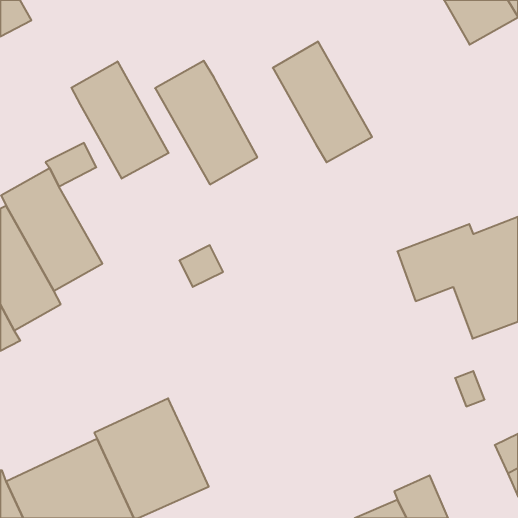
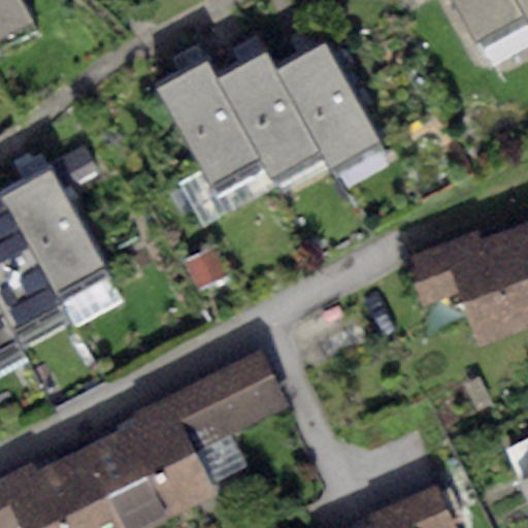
building: none -> [218,51,322,175]
building: [71,61,169,179] -> none
building: none -> [167,353,289,452]

